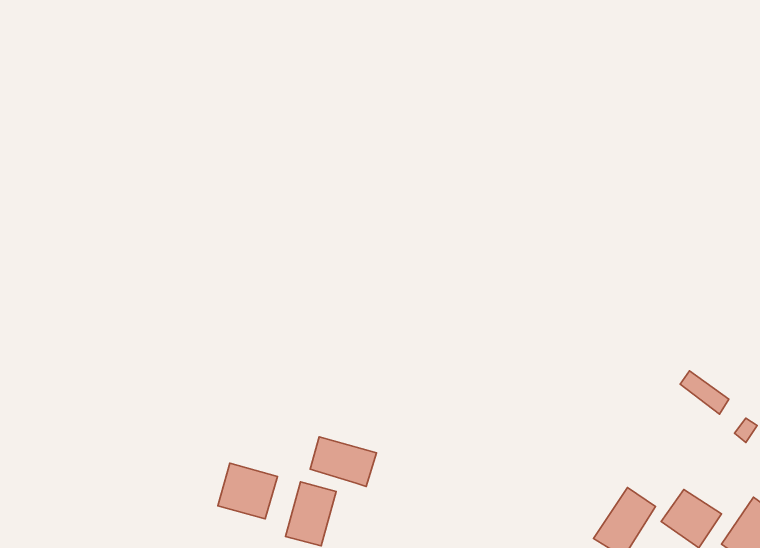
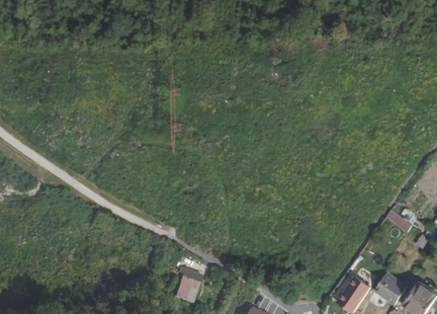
building: [310,437,377,486] -> none
building: [218,463,277,519] -> none

